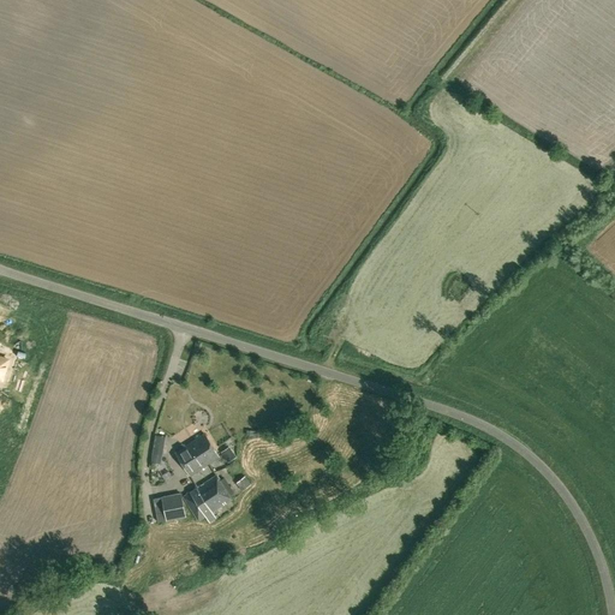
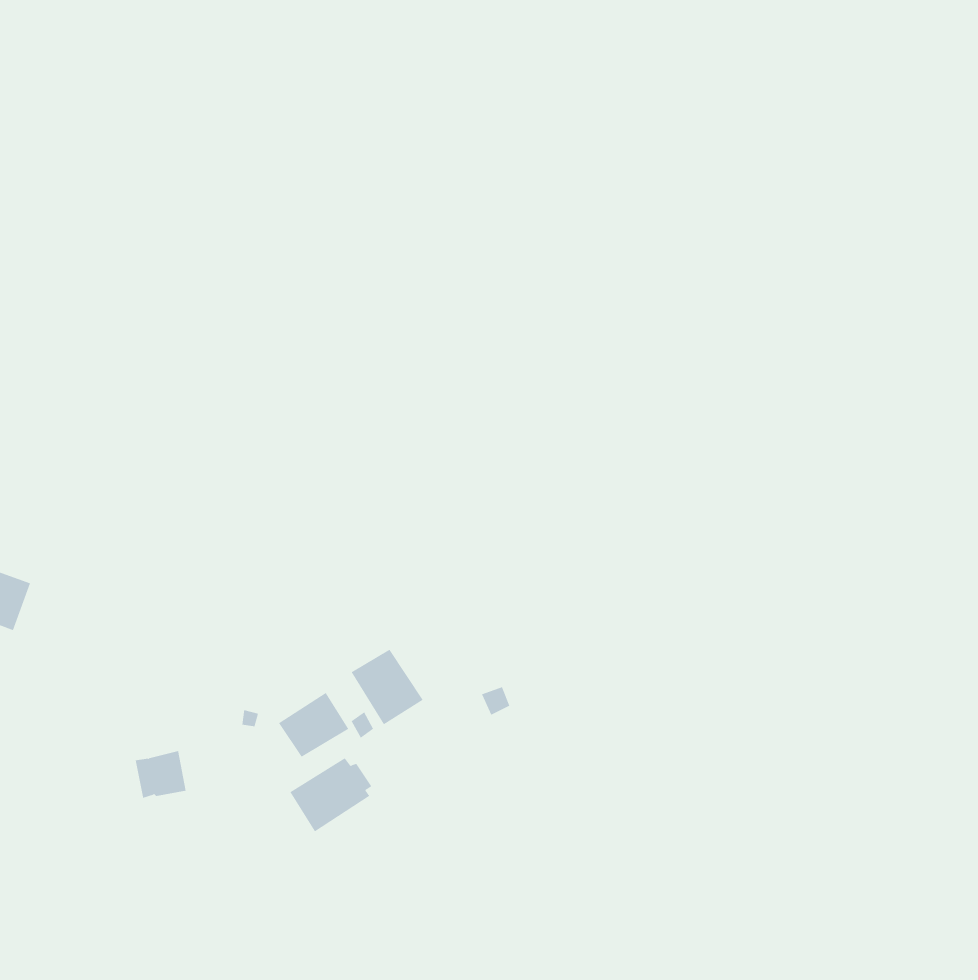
building: none -> [351,649,423,725]
building: [153,492,185,523] -> [135,751,187,799]

